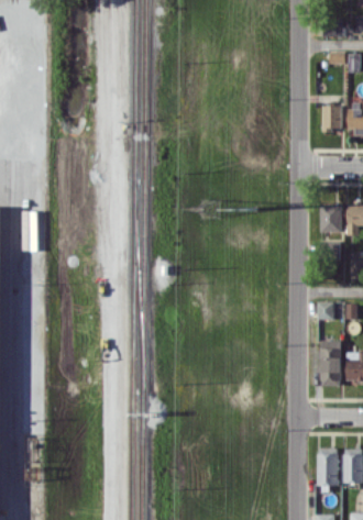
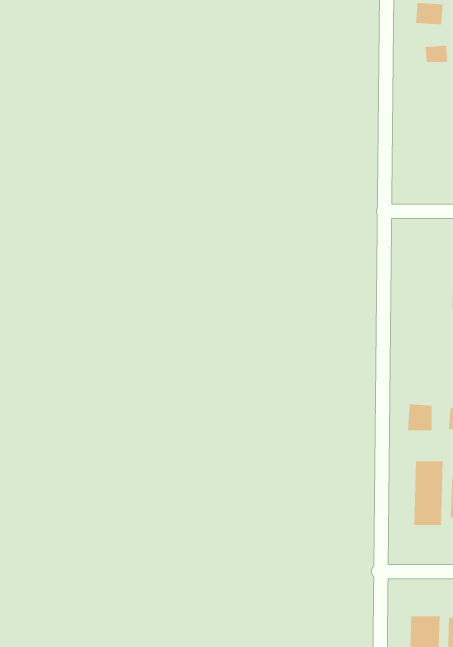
building: [320,106,340,131] -> none
building: [319,204,340,233] -> none

